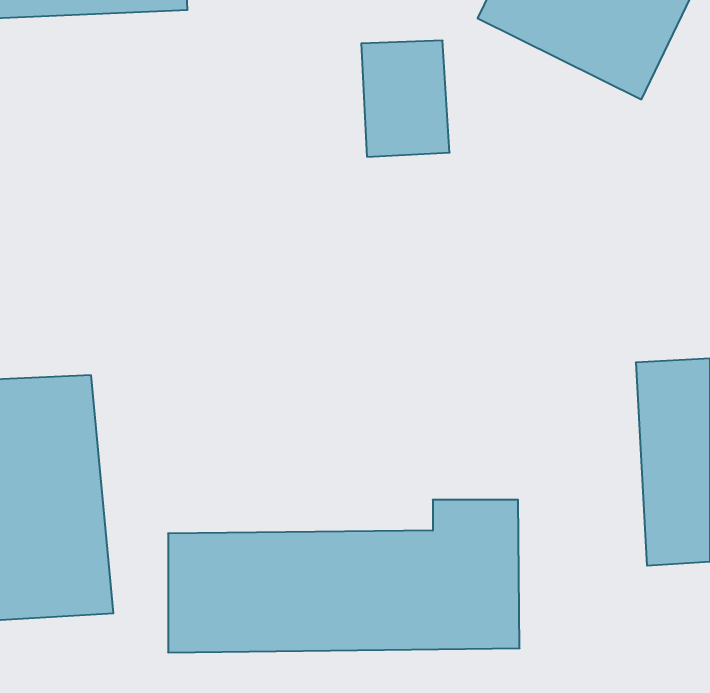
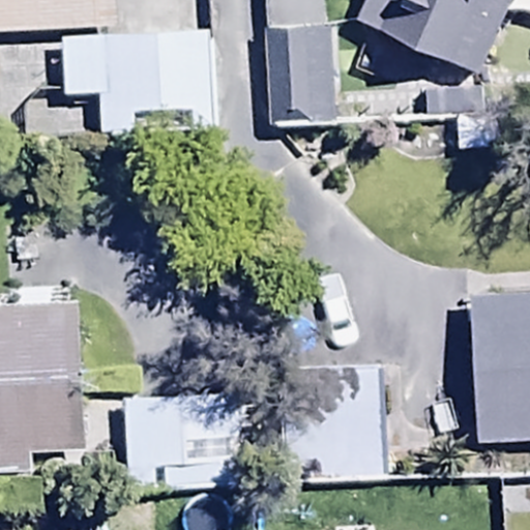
building: none -> [64,29,216,135]

